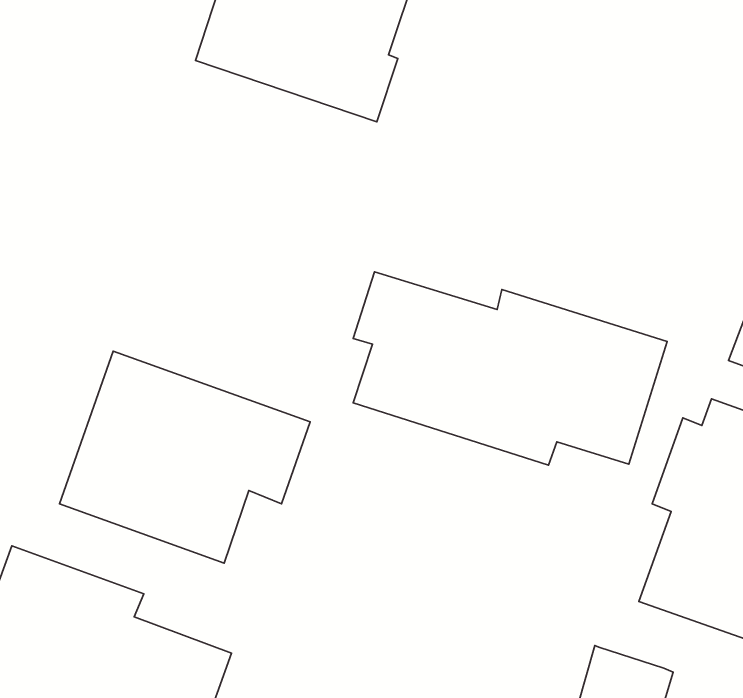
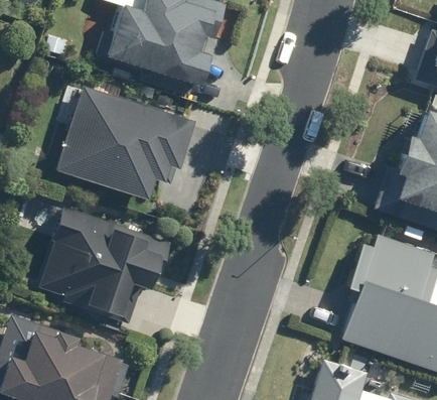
building: none -> [55,84,195,198]
building: [353,272,667,465] -> none

